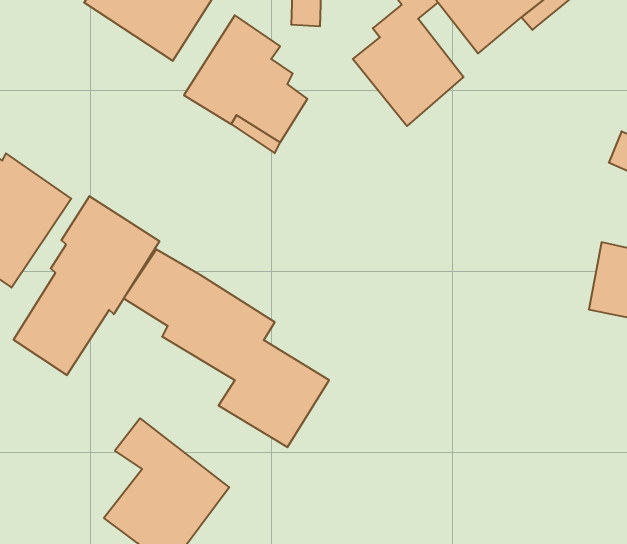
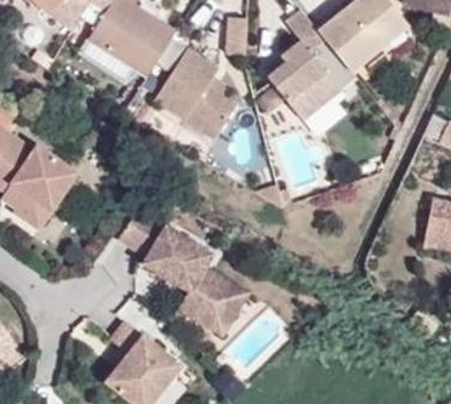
building: [14,196,159,375] -> none

